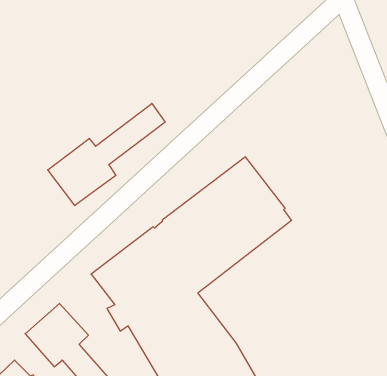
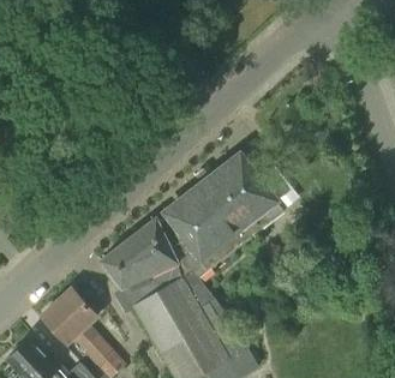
building: [48,103,165,206] -> none

